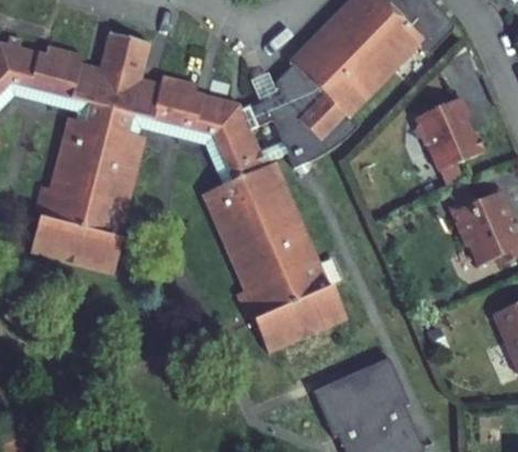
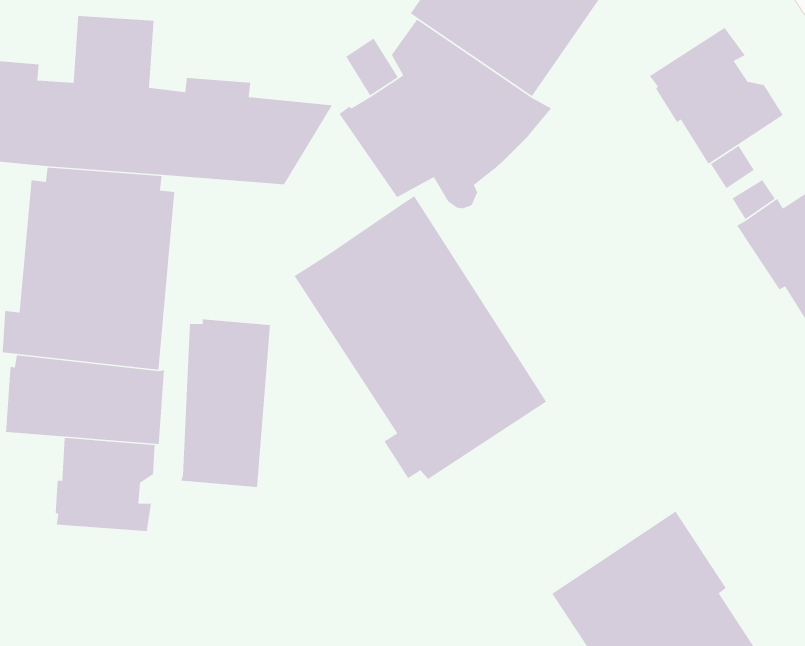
building: [205,103,268,184] -> none
building: none -> [180,318,271,488]
building: none -> [55,437,156,532]
building: [254,283,346,351] -> none

